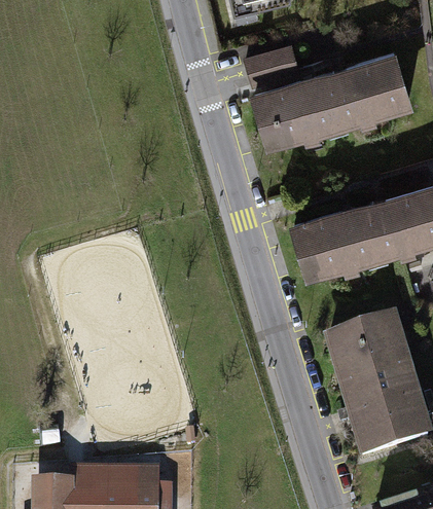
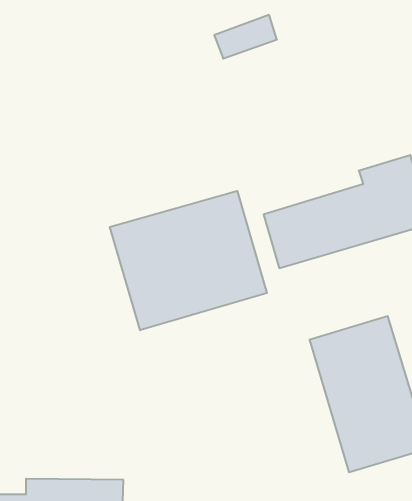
building: [255,54,418,150] -> none
building: none -> [110,191,267,330]

